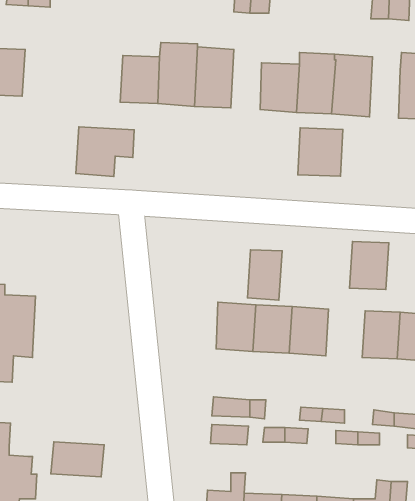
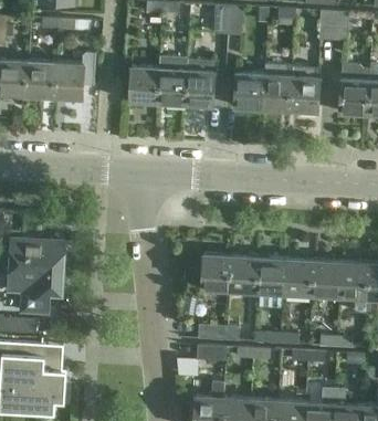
building: [76,127,134,177] -> [54,62,98,99]
building: [298,128,343,176] -> none
building: [349,242,389,290] -> [284,259,314,295]
building: [247,250,282,300] -> none
building: [51,442,104,477] -> none

